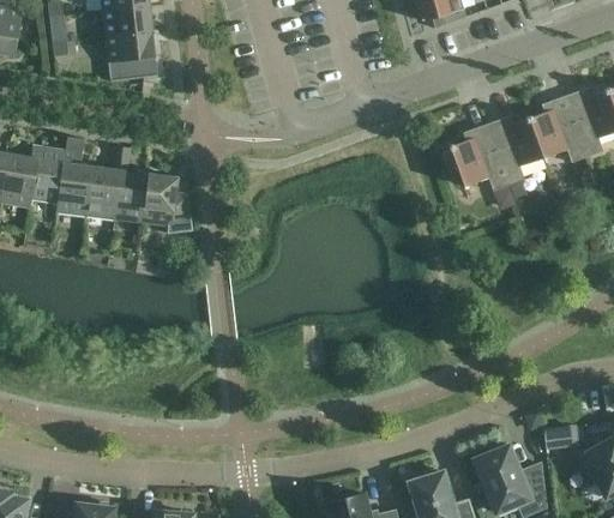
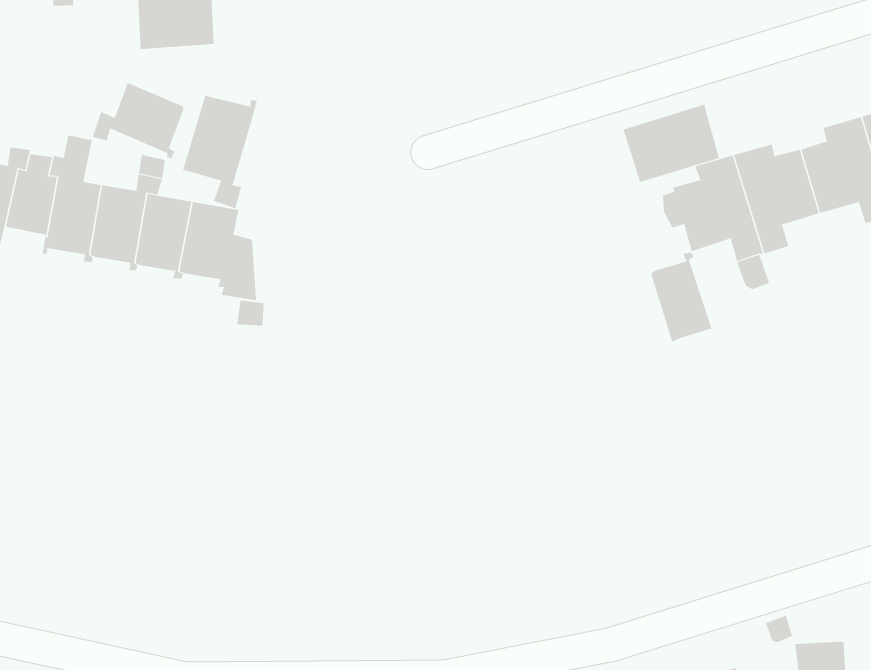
building: none -> [623,104,719,183]
building: none -> [92,82,184,159]
building: none -> [183,94,257,209]
building: none -> [651,252,712,342]

